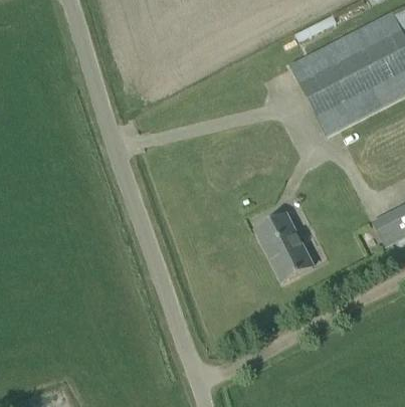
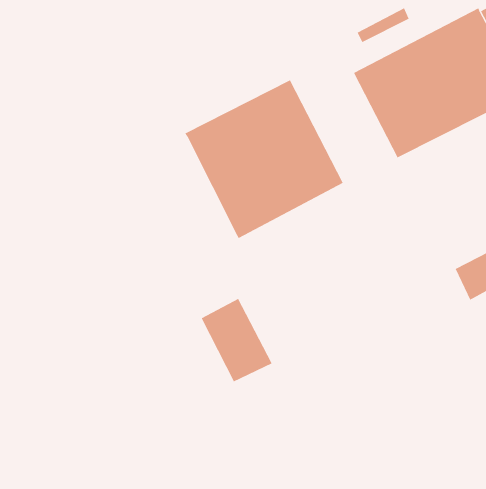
building: none -> [184,79,344,239]
building: [255,214,313,281] -> [201,298,272,382]

